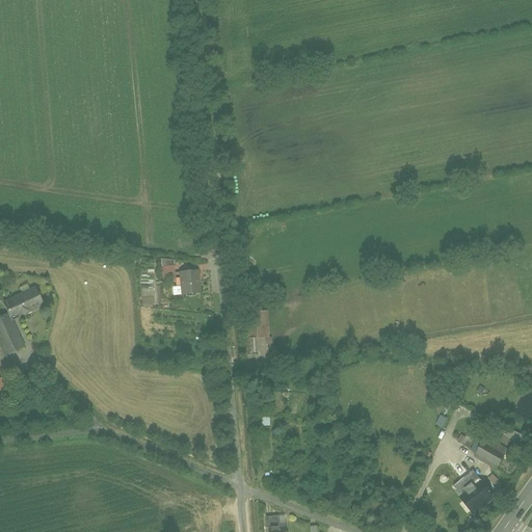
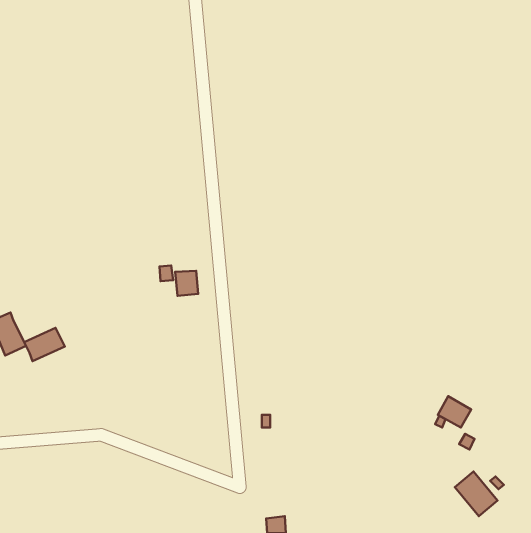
building: [5,286,46,319] -> [24,328,65,361]
building: [472,434,505,466] -> [438,396,471,427]

